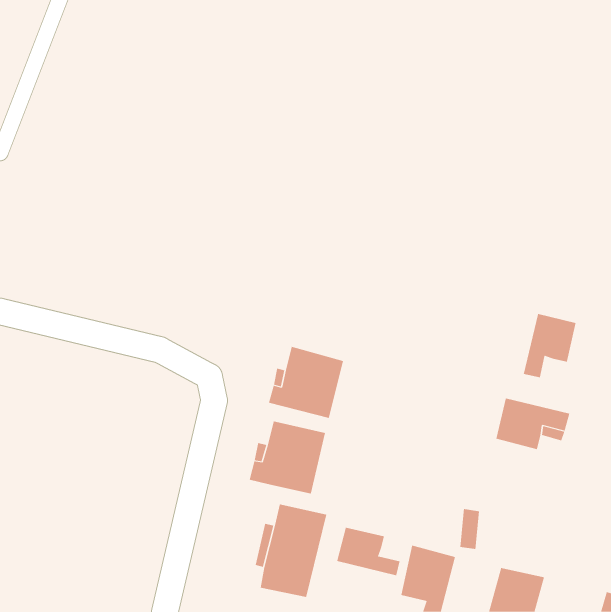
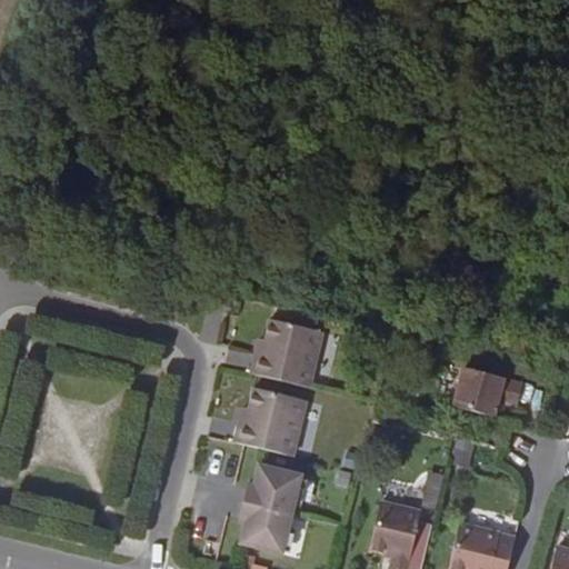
building: [523,313,576,378] -> none
building: [337,527,400,576] -> none

